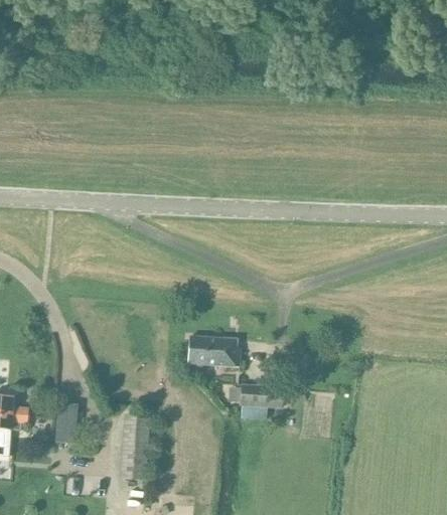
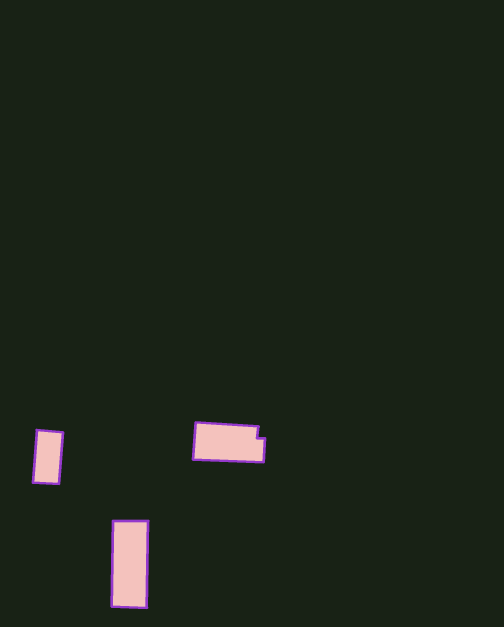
building: [241,385,282,409] -> none
building: [55,403,79,445] -> [33,430,63,484]

